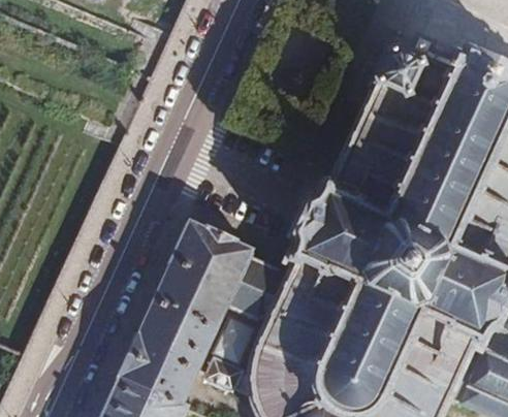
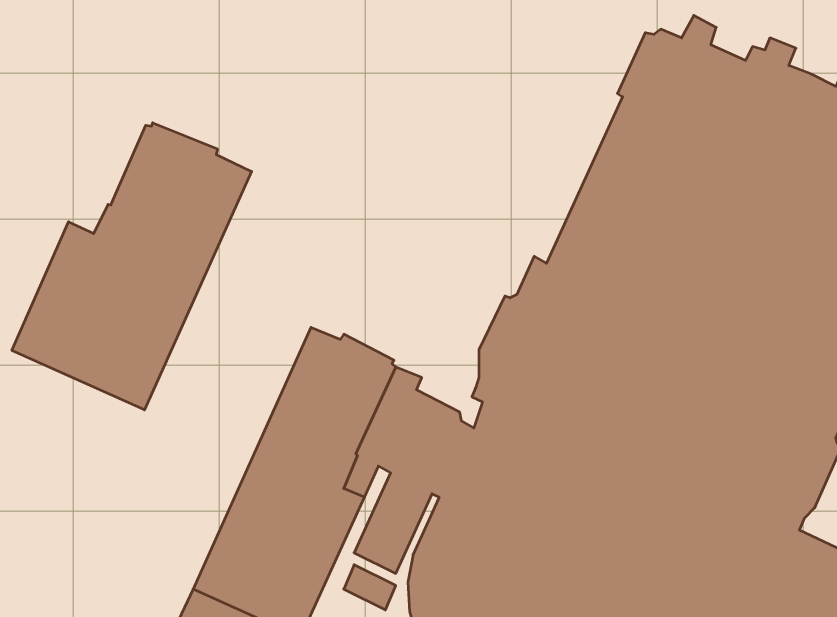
building: none -> [12,123,252,410]

